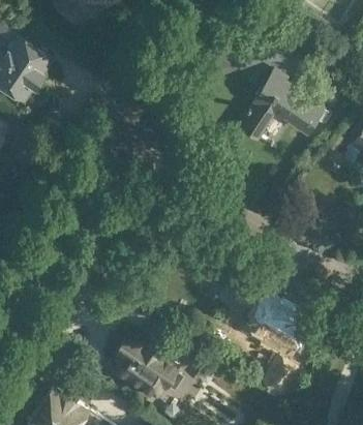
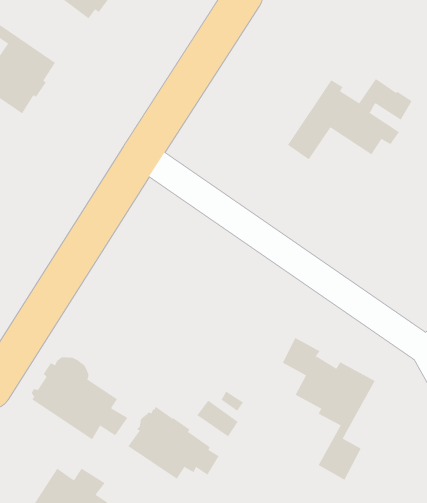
building: none -> [31,356,128,440]

